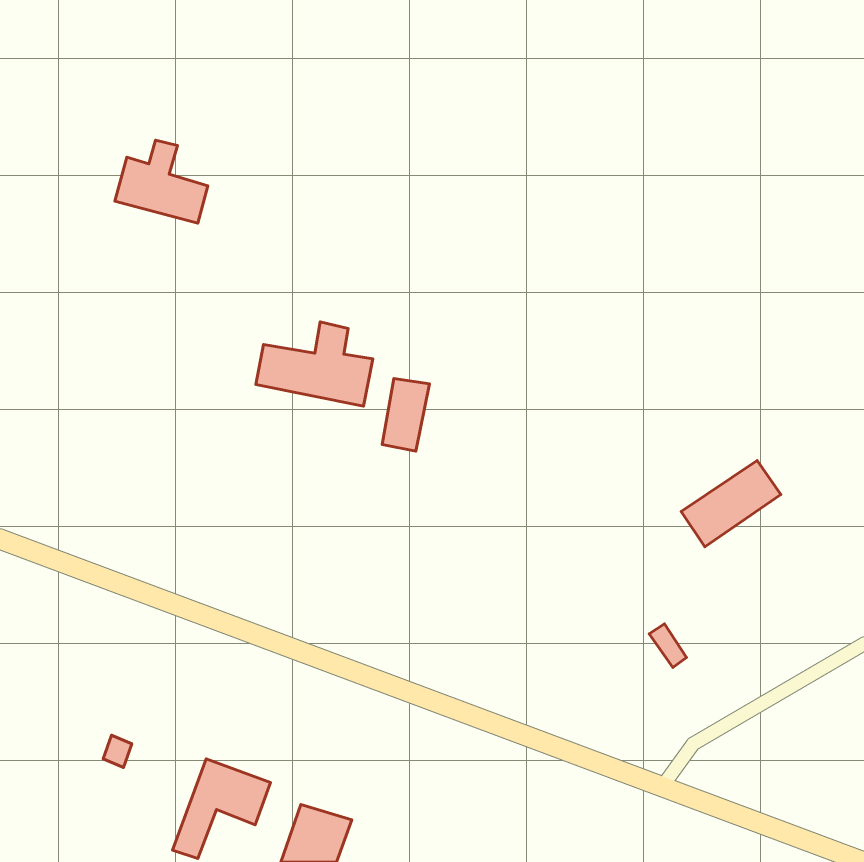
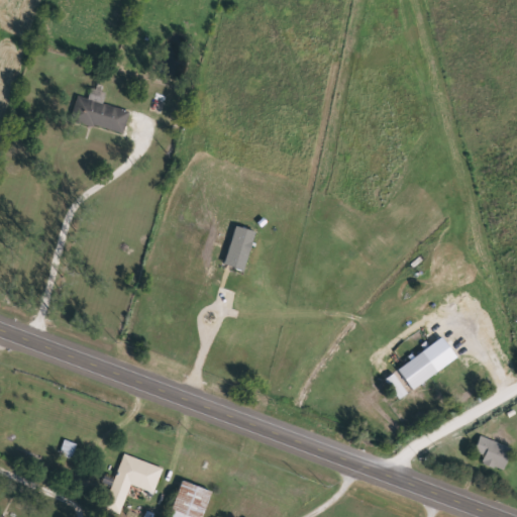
building: [256,322,373,406] -> none
building: [681,461,781,547] -> [400,337,459,389]
building: none -> [475,435,511,471]

